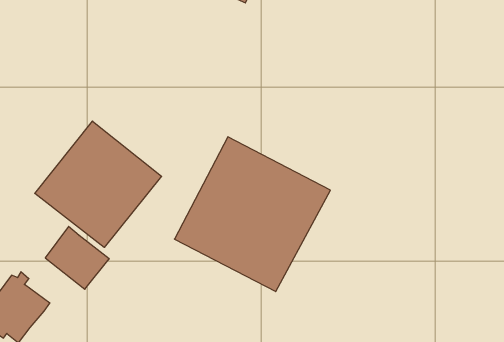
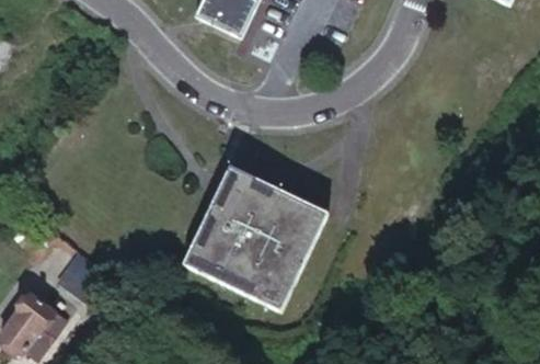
building: [35,121,162,247] -> none

